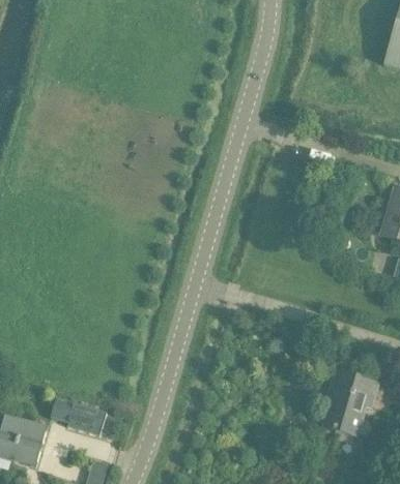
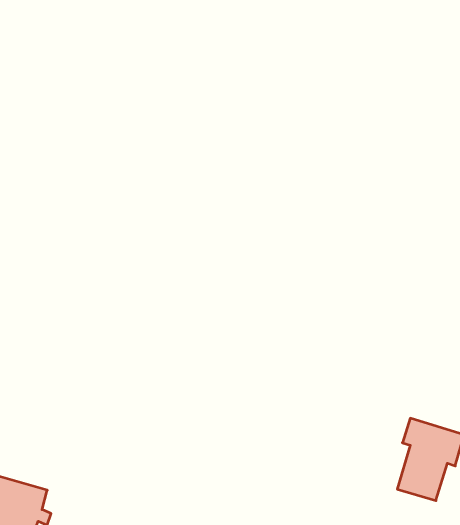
building: [52,393,108,430] -> none

